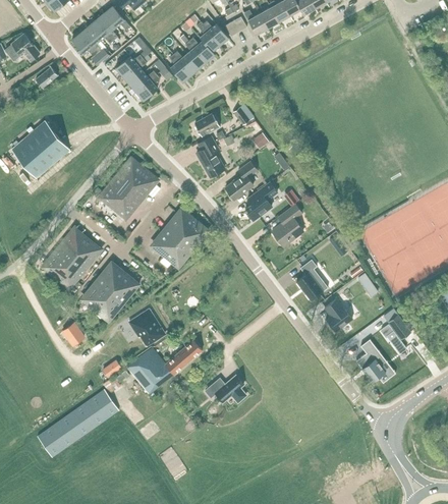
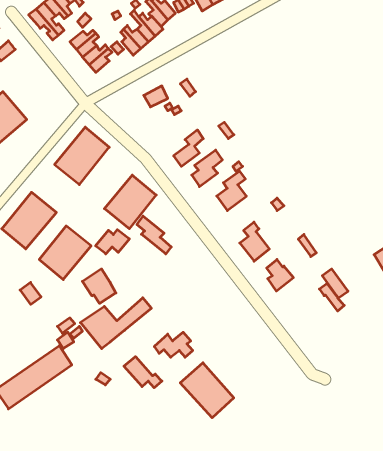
building: [195,137,224,177] -> none
building: none -> [137,216,171,254]
building: none -> [96,230,129,254]
building: [355,339,386,382] -> none
building: none -> [124,357,162,388]
building: none -> [180,363,234,418]

